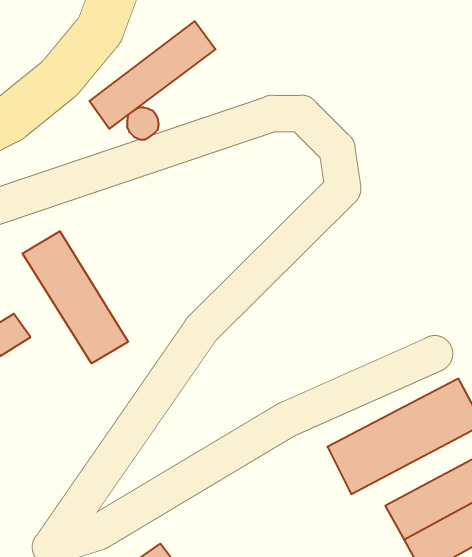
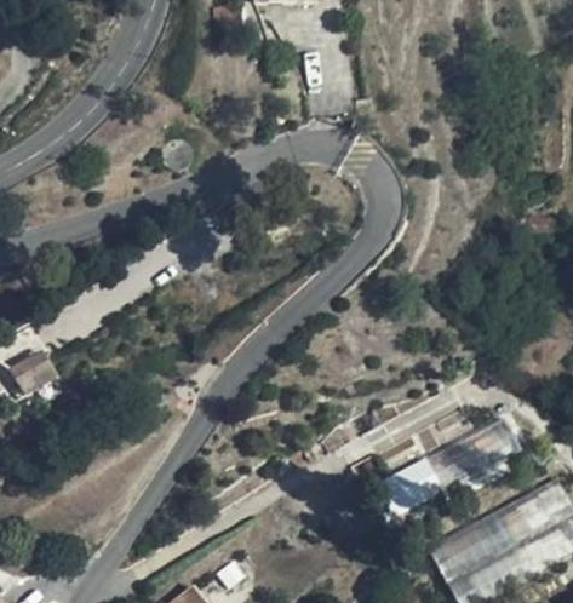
building: [89,21,216,129] -> none
building: [23,231,128,363] -> none

